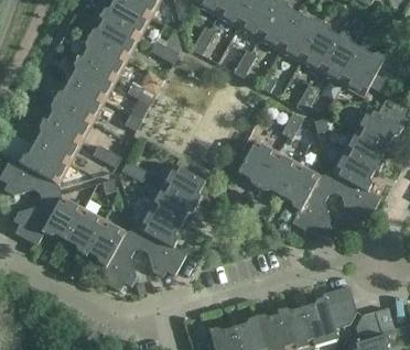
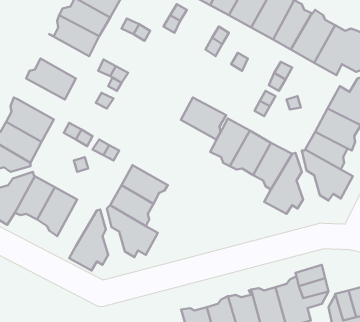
building: [69,55,118,99] -> none
building: [43,99,94,140] -> none
building: [161,163,206,205] -> [181,97,226,140]
building: [86,219,126,265] -> none

